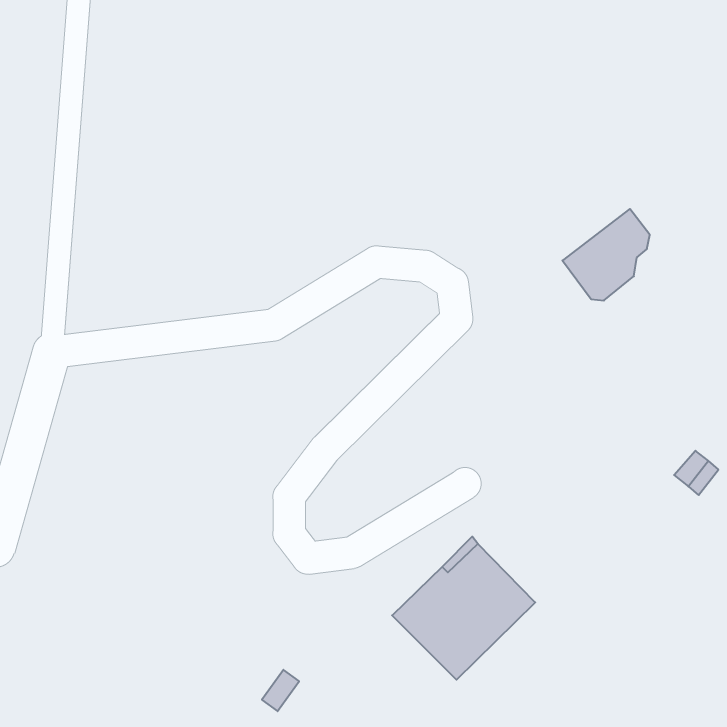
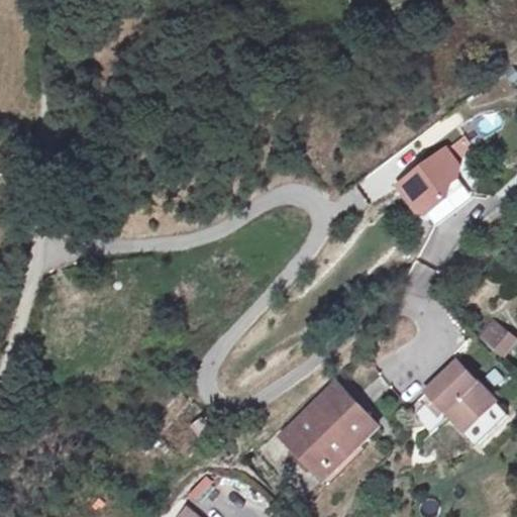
building: none -> [428,363,494,429]

